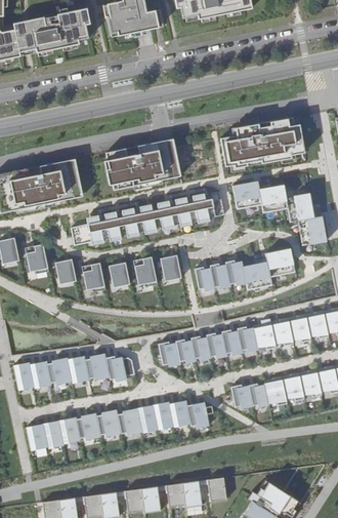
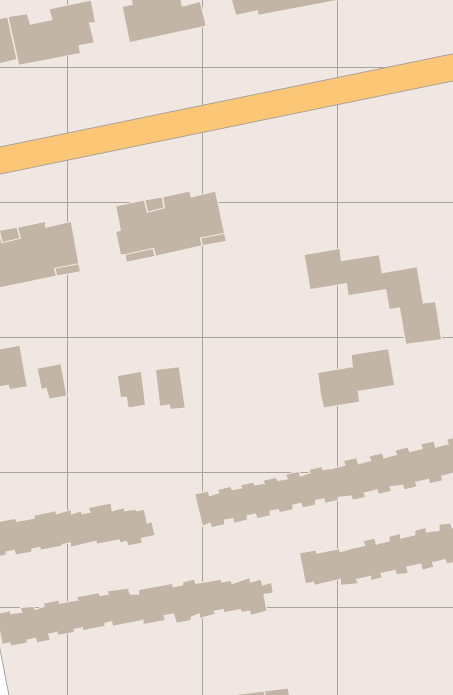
building: [221,116,305,167] -> none
building: [71,196,225,244] -> none
building: [195,257,245,287] -> none
building: [159,258,181,283] -> none
building: [80,262,102,290] -> none

